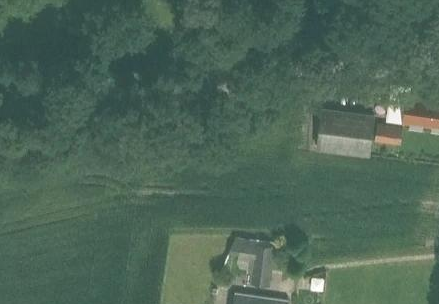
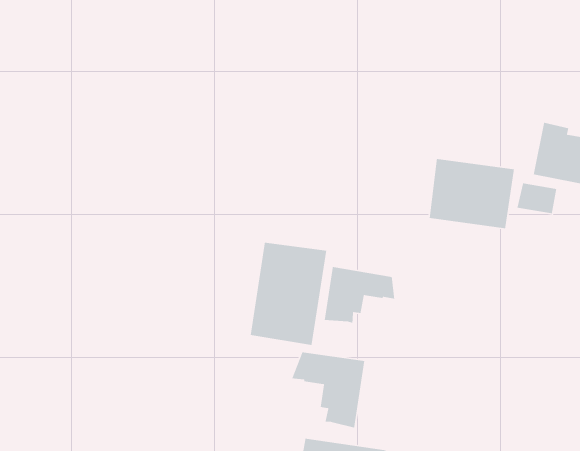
building: none -> [250,242,327,346]
building: none -> [324,266,395,324]

